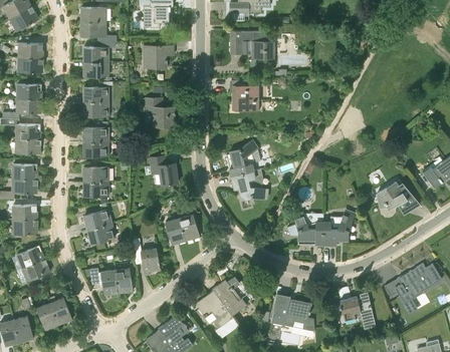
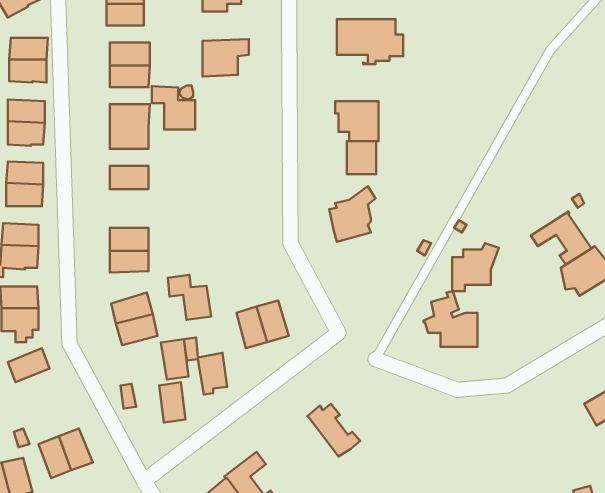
building: [146,98,174,126] -> [152,86,195,129]
building: none -> [347,141,376,174]
building: [83,142,108,156] -> none
building: [150,156,178,186] -> [168,275,211,320]
building: none -> [531,212,591,264]
building: [231,170,267,200] -> none
building: [322,214,353,245] -> [452,243,499,291]
building: [22,259,50,289] -> none
building: [100,270,119,296] -> [161,339,189,379]
building: [196,291,233,328] -> none
building: [271,294,314,331] -> none
building: [339,296,376,330] -> none

